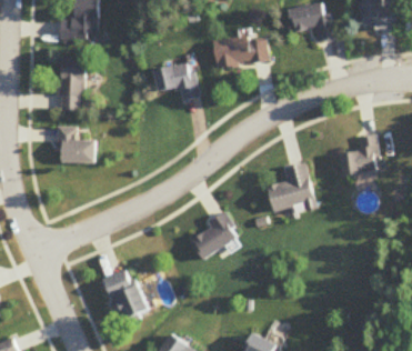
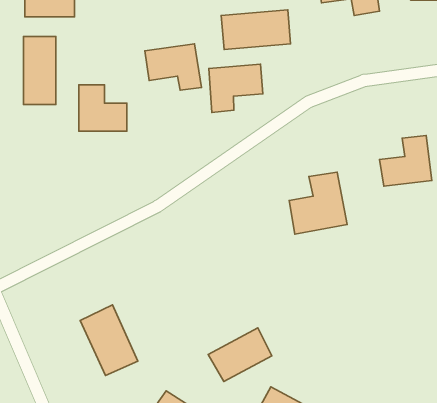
building: none -> [209,64,263,112]
building: [56,124,93,161] -> [79,85,127,131]
building: [187,214,237,257] -> [208,328,272,381]

